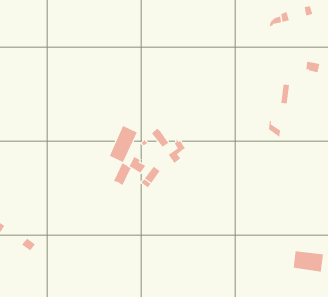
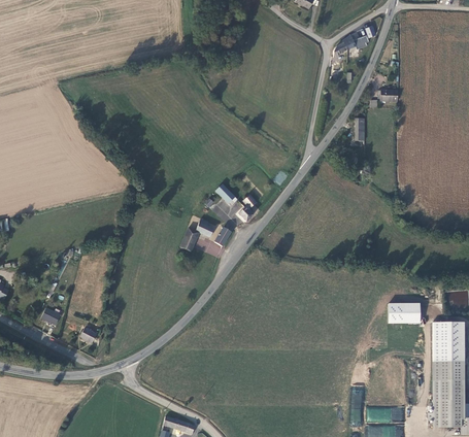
building: [109,125,138,163] -> none

